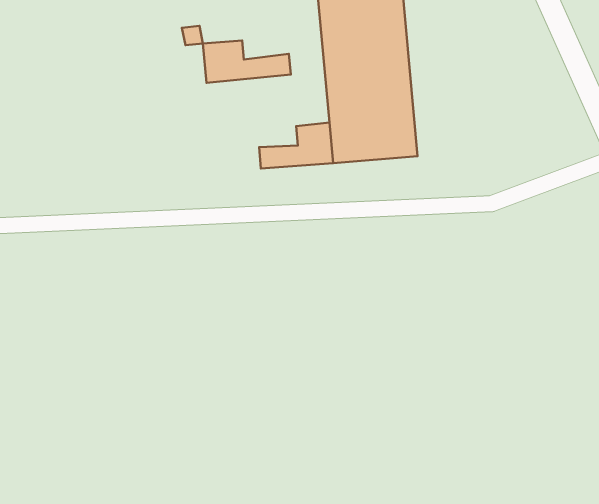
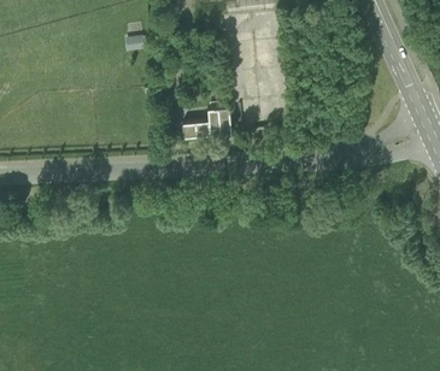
building: [203,41,291,83] -> none

